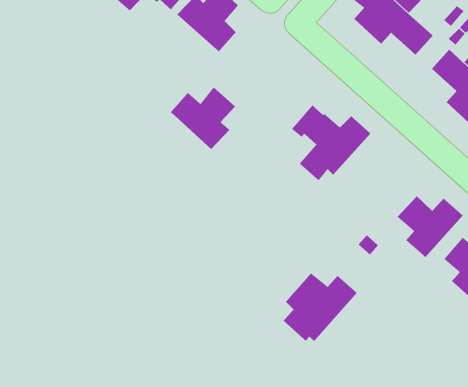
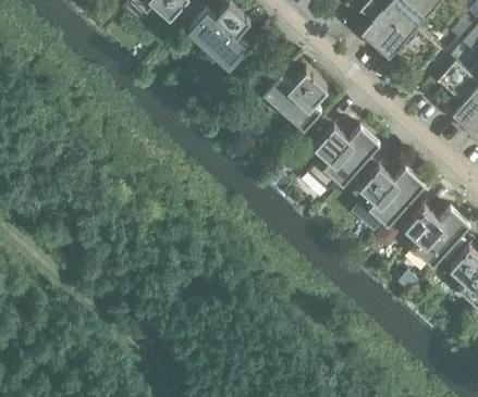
building: [170,87,236,150] -> [261,69,326,131]
building: [283,273,357,342] -> [350,165,422,233]

